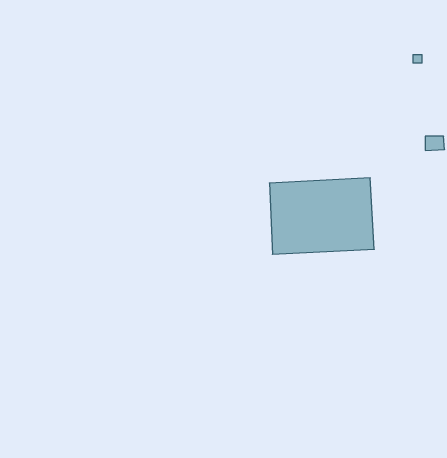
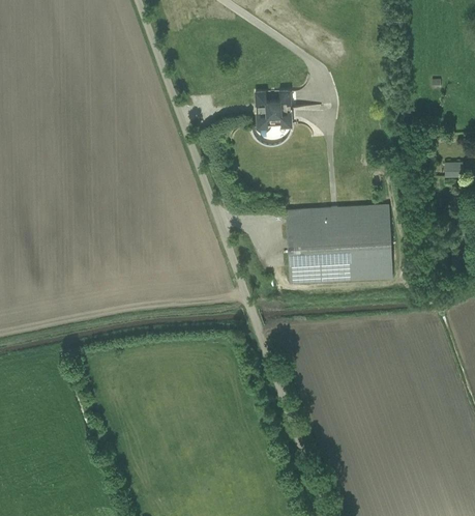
building: none -> [256,81,291,125]

